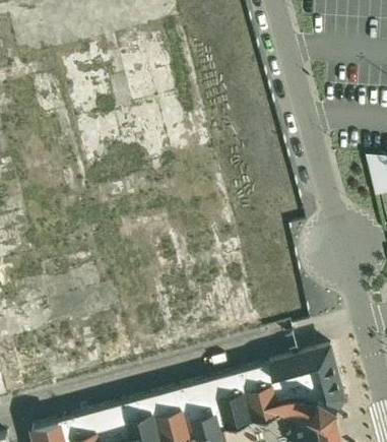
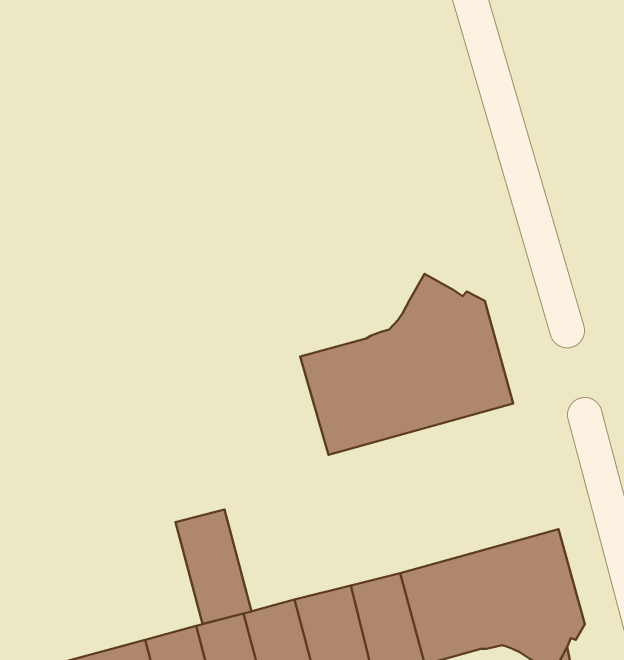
building: none -> [300,274,513,455]
building: none -> [175,510,252,624]

